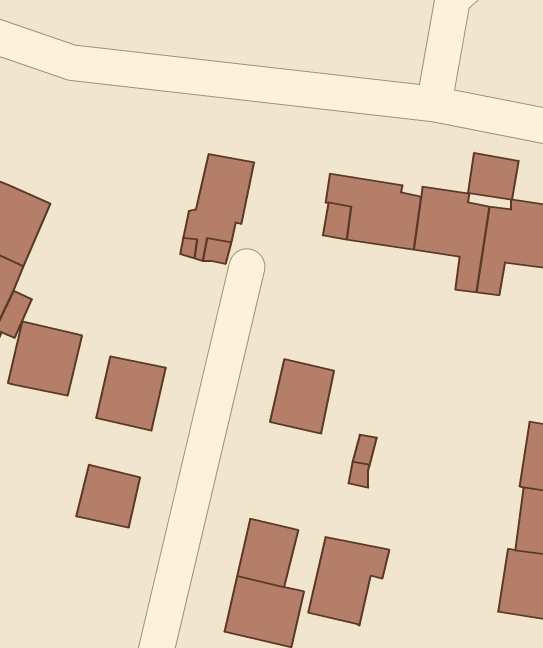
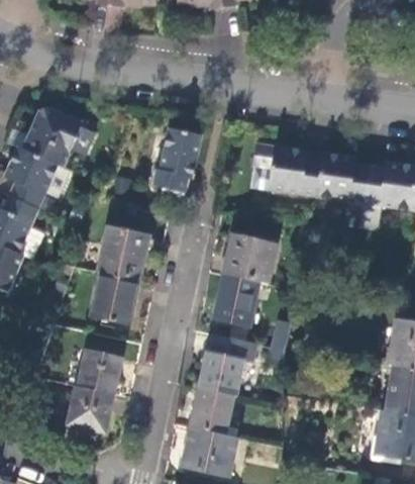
building: none -> [28,106,94,166]
building: [468,153,519,200] -> none
building: none -> [223,235,277,284]
building: [8,321,82,396] -> [97,227,149,280]
building: none -> [66,385,113,433]
building: [308,537,389,625] -> [199,333,256,396]

